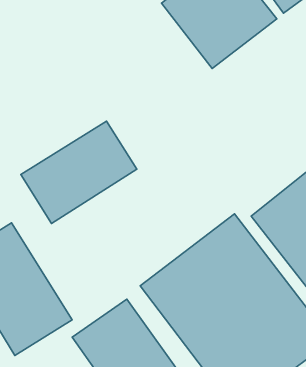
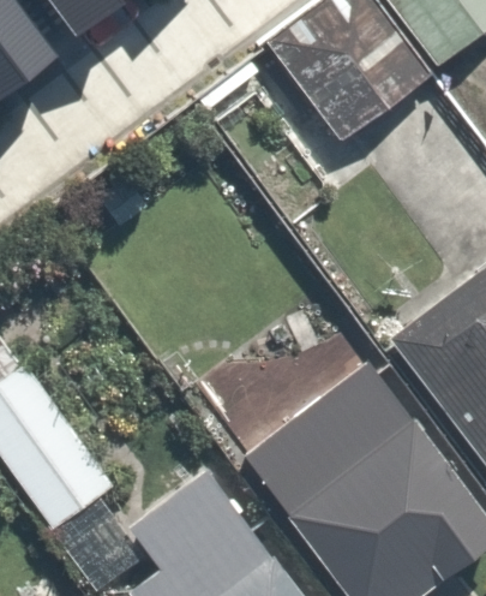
building: [21,121,137,223] -> none

